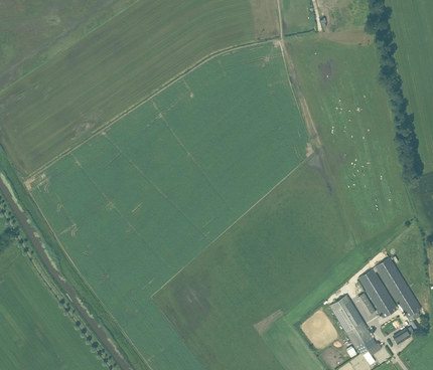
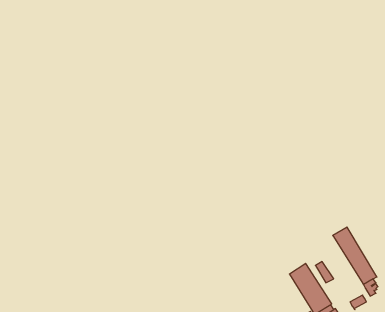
building: [357,268,398,318] -> none

